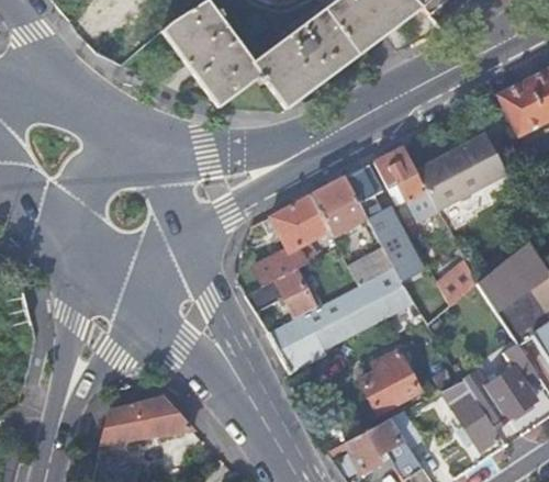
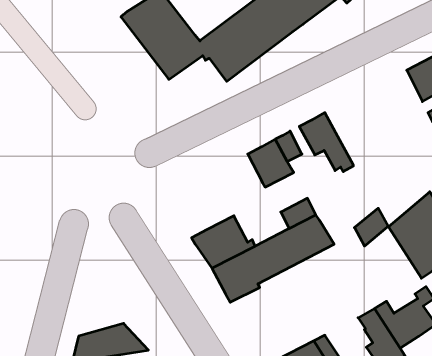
building: [417,134,508,209] -> none
building: [254,195,329,285] -> none
building: [363,204,422,274] -> none
building: [361,352,421,413] -> none

